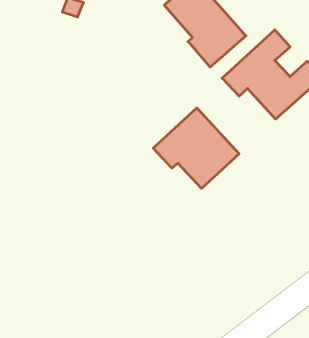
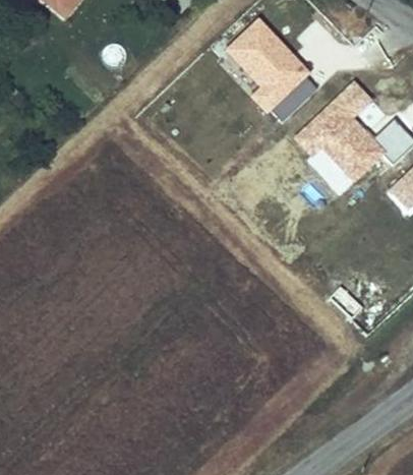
building: [153,108,239,188] -> none

